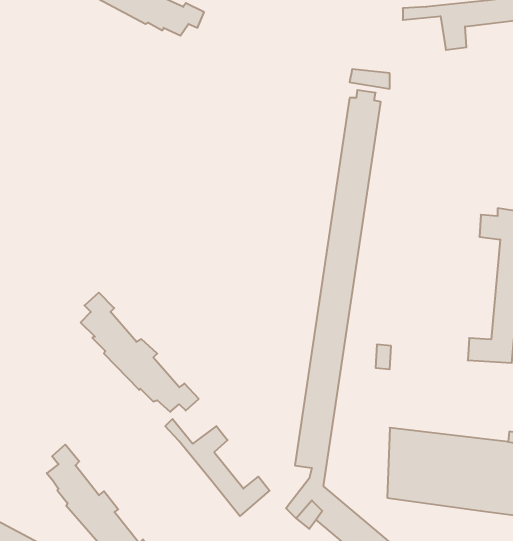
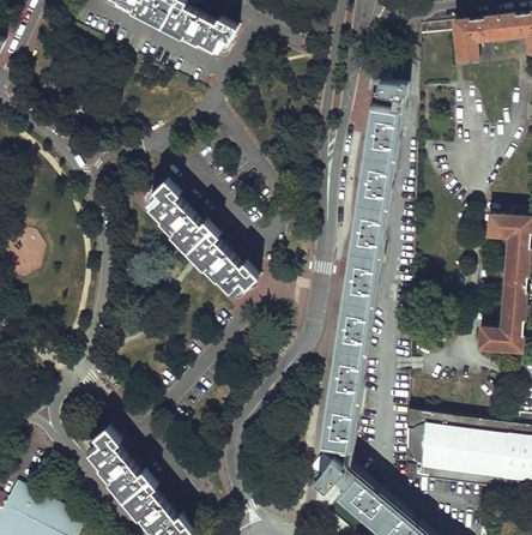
building: [81,293,199,412] -> [149,180,258,290]
building: [165,419,270,516] -> none

